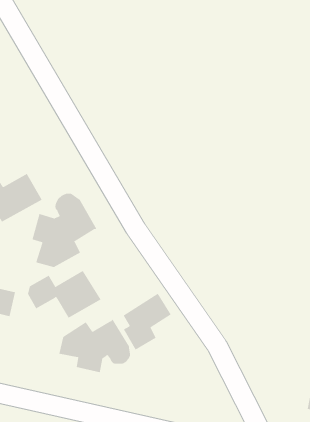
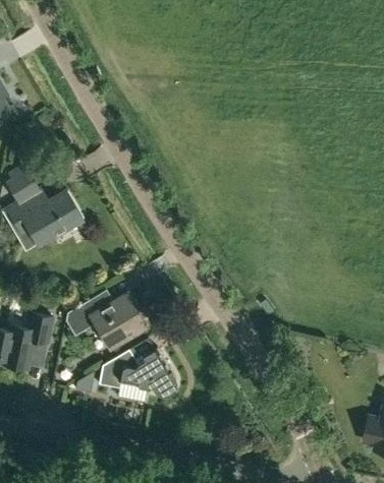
building: [32,193,97,268] -> none
building: [123,293,172,351] -> none

